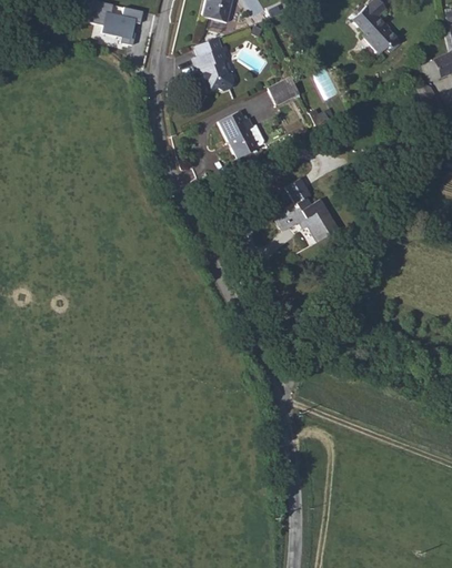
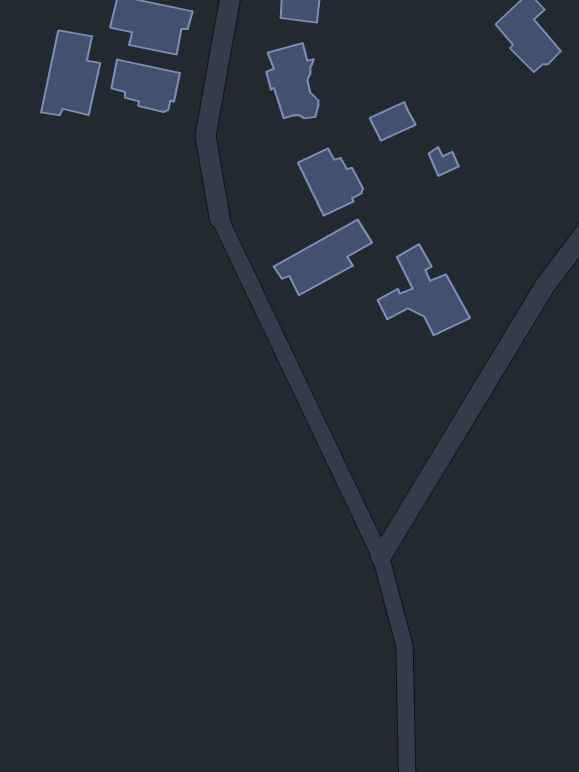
building: none -> [41,30,100,115]
building: none -> [112,59,180,112]
building: none -> [274,220,372,295]

